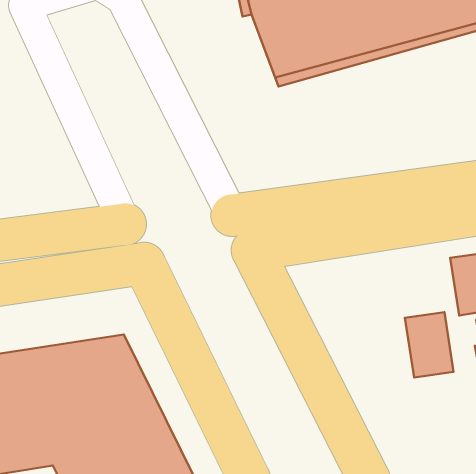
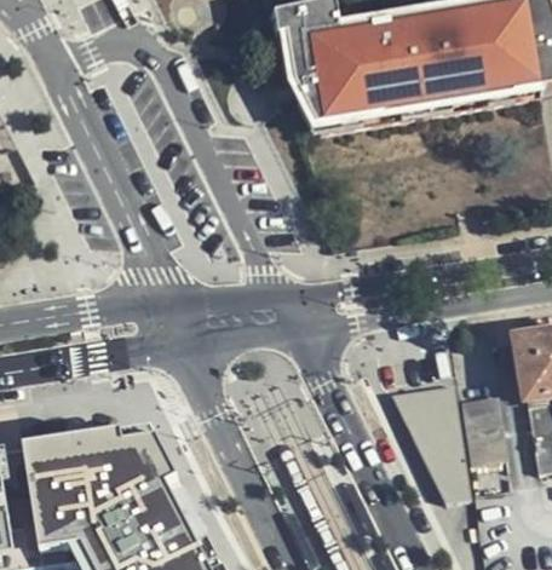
building: none -> [390,382,468,499]

